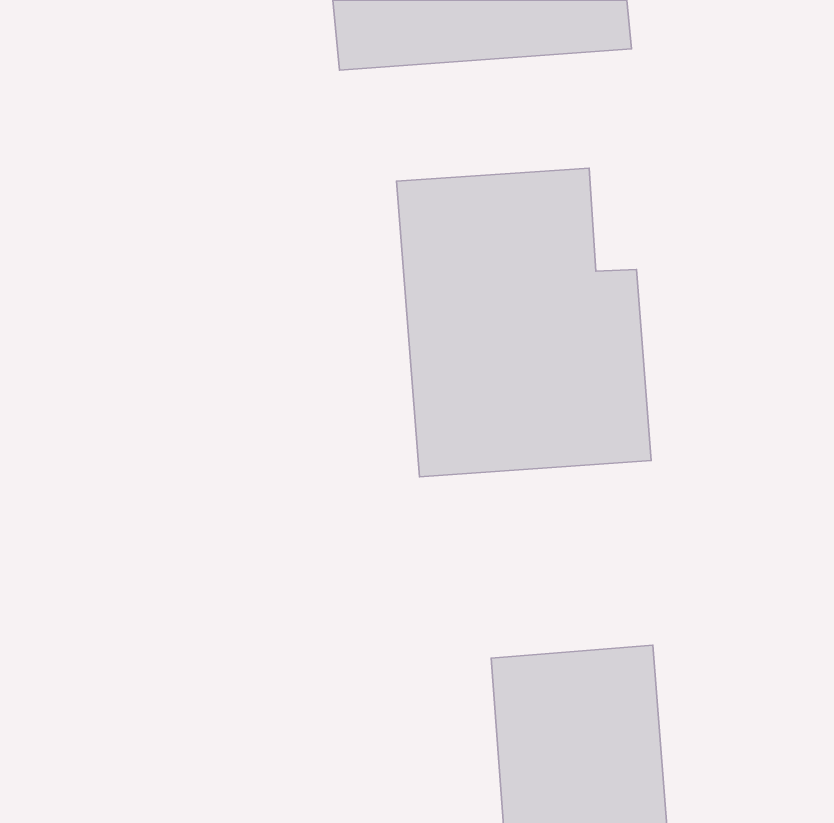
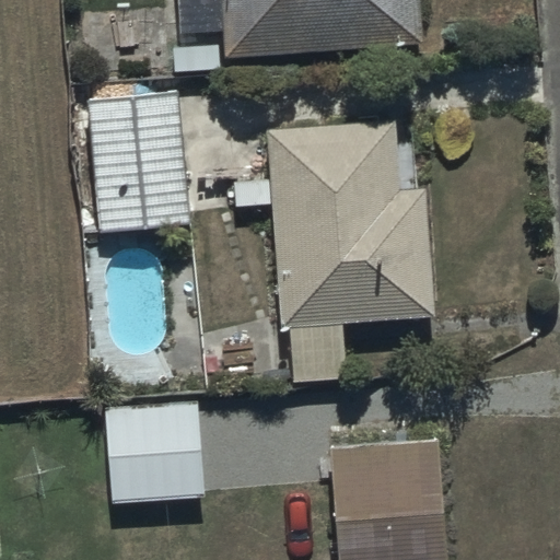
building: none -> [85,91,190,231]
building: none -> [105,400,205,505]

